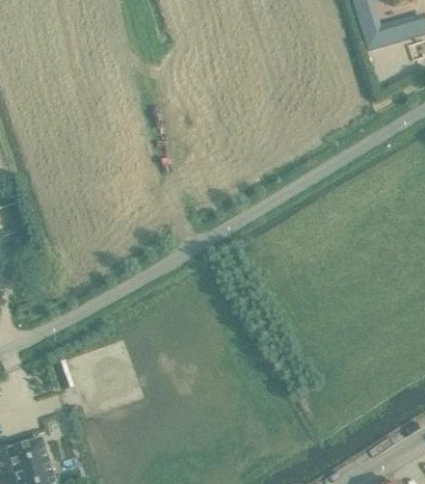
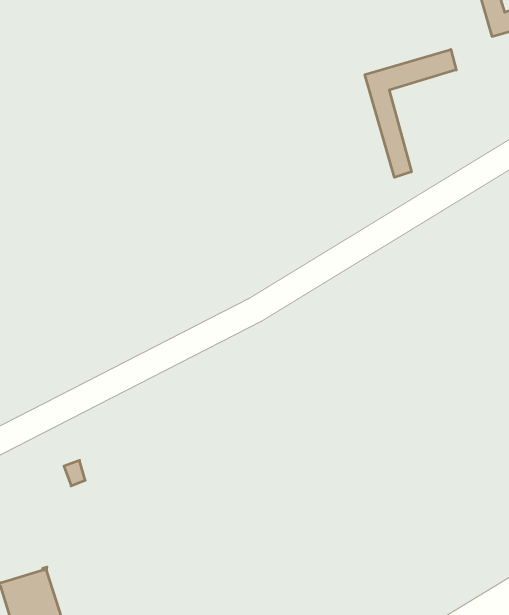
building: none -> [365,49,456,177]

